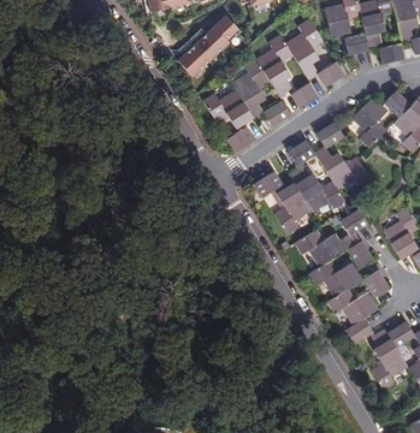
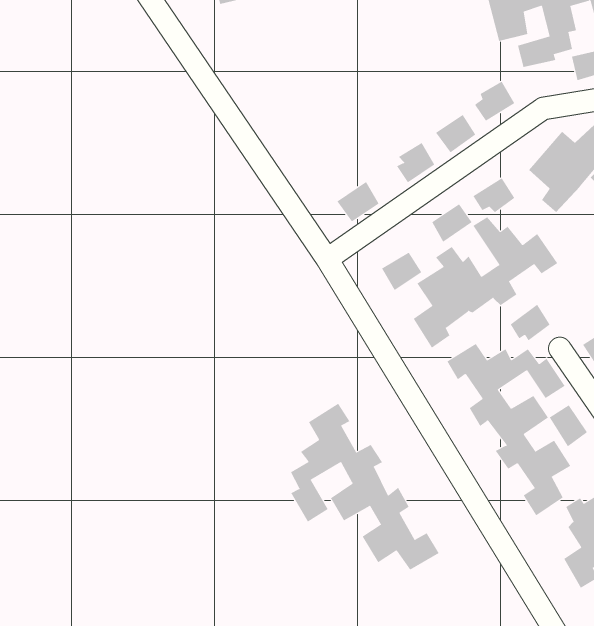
building: [178,14,239,73] -> none
building: [203,17,320,126] -> none
building: none -> [290,403,440,571]

